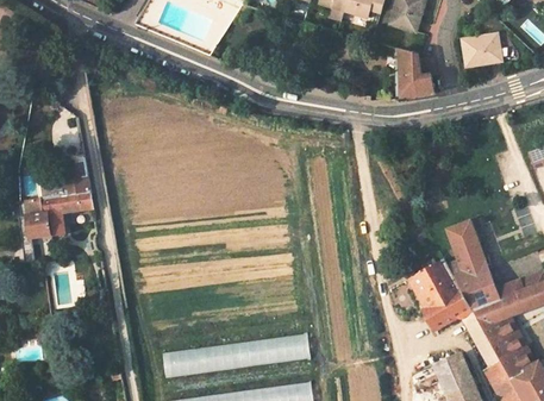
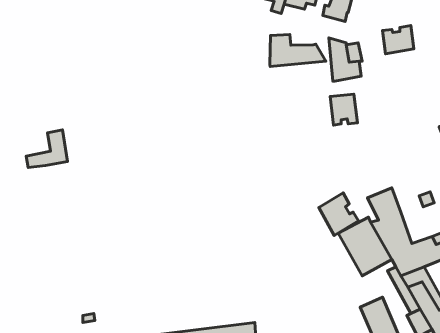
building: none -> [270,34,326,66]
building: none -> [330,94,357,125]
building: [23,193,92,240] -> none
building: none -> [319,193,359,236]
building: [161,333,309,377] -> none

